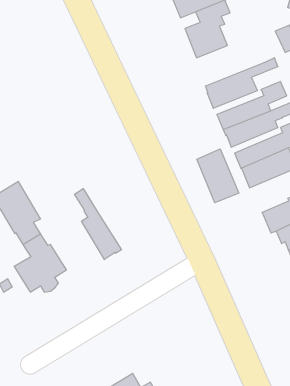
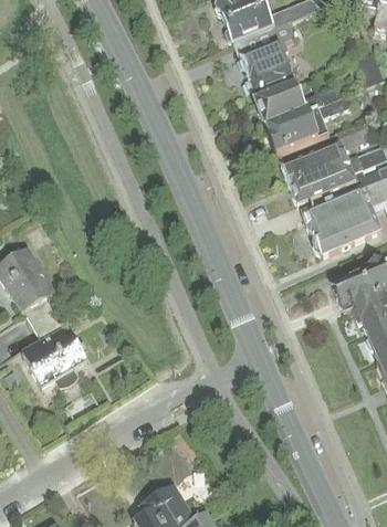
building: none -> [253,85,339,127]
building: [197,149,239,203] -> none
building: [75,189,121,260] -> none

